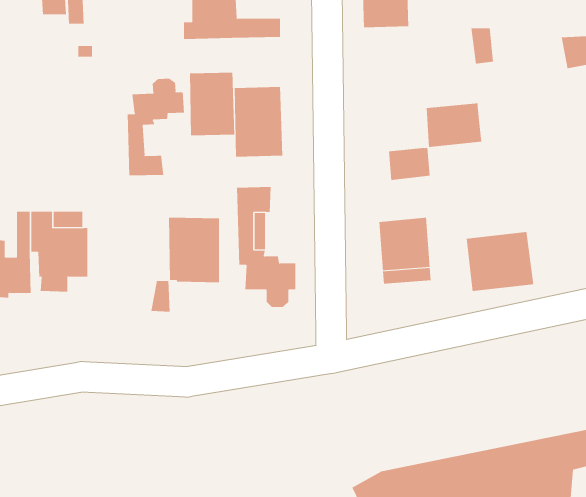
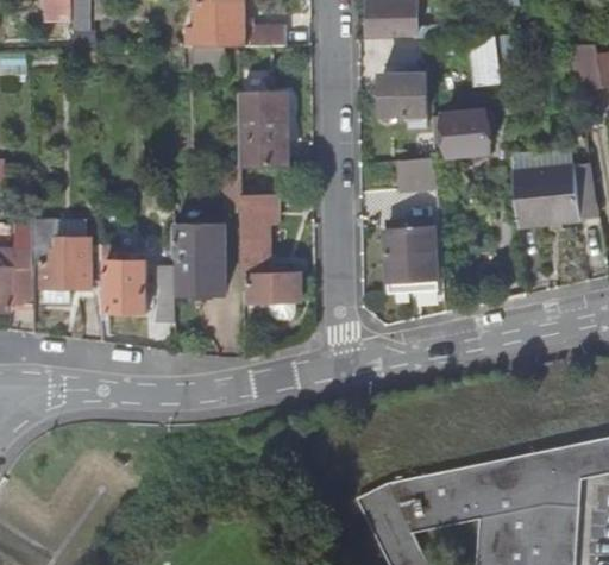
building: none -> [383,73,428,115]
building: [190,72,235,136] -> none
building: [127,78,184,176] -> none
building: none -> [100,225,147,312]
building: [466,232,534,292] -> [514,165,583,226]

